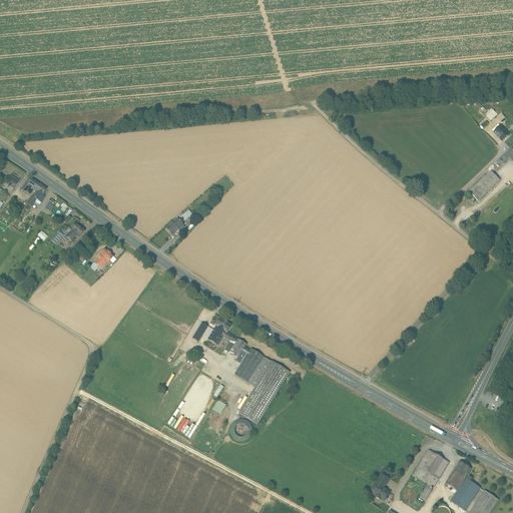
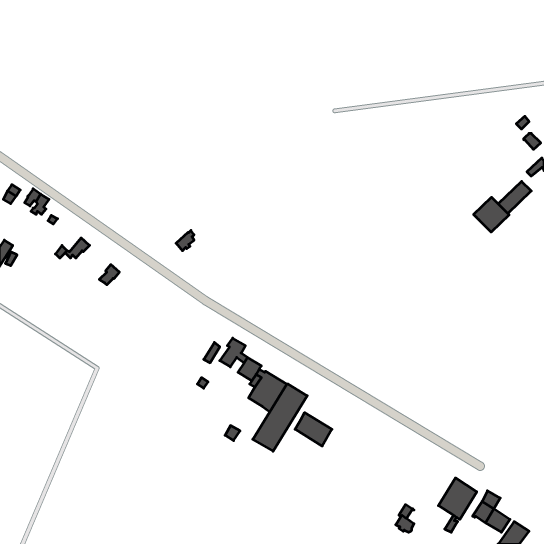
building: none -> [474,197,509,232]
building: none -> [295,413,332,446]

